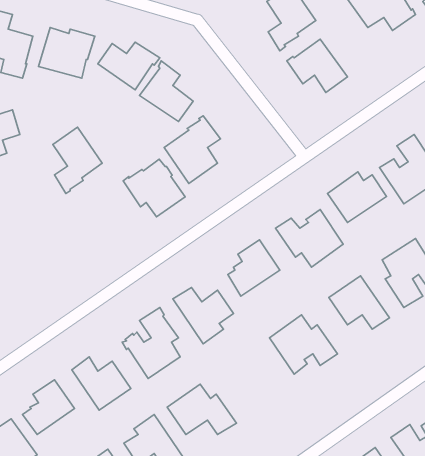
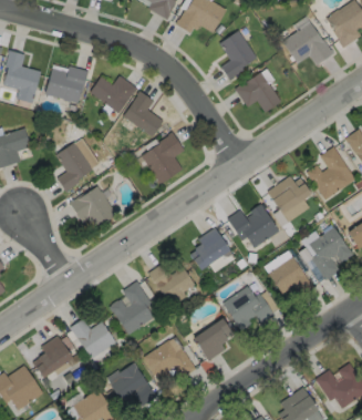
building: [123,159,185,217] -> [70,185,117,229]
building: none -> [193,317,234,360]

